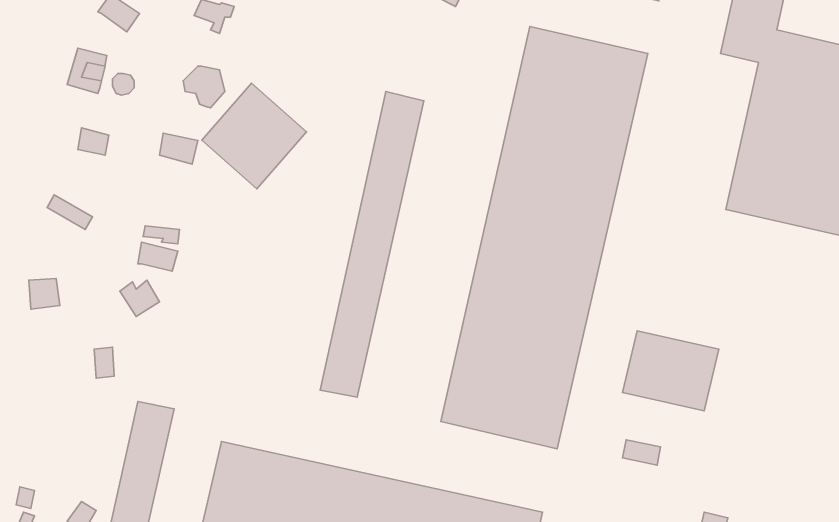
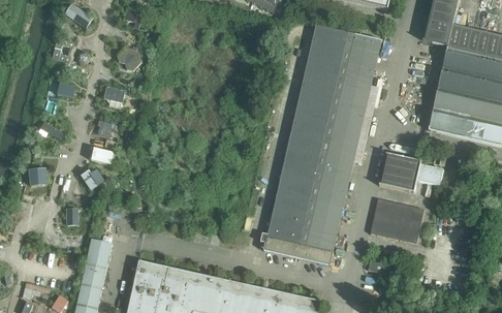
building: [202,83,306,189] -> none
building: [320,92,424,397] -> none
building: none -> [377,152,441,192]

